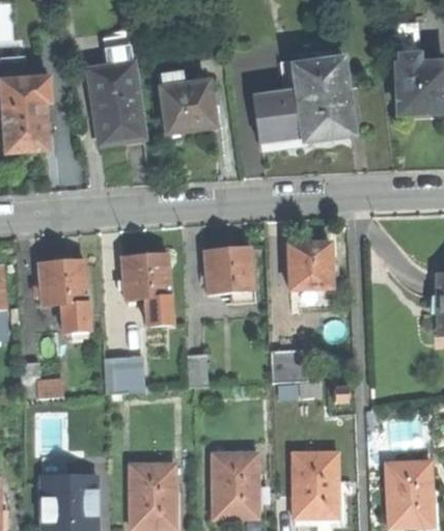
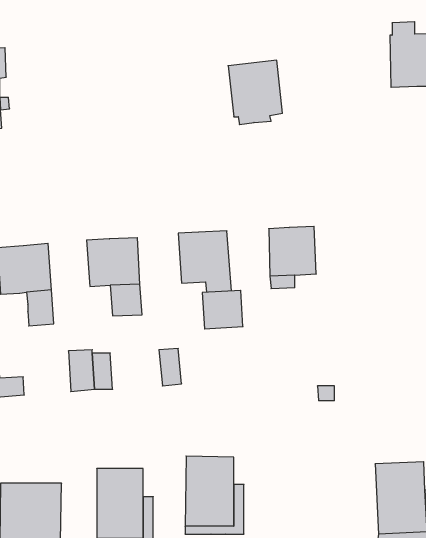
building: [87,53,141,146] -> none
building: [293,59,349,138] -> none
building: [157,74,211,135] -> none
building: [270,347,307,383] -> [202,290,243,329]
building: [294,450,336,514] -> none

